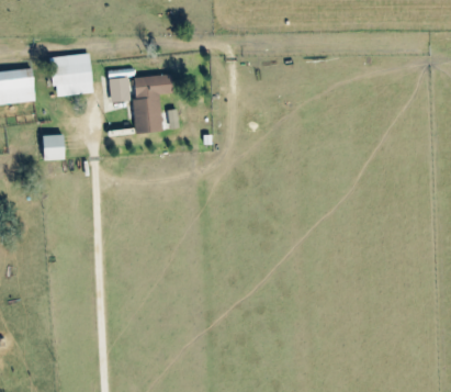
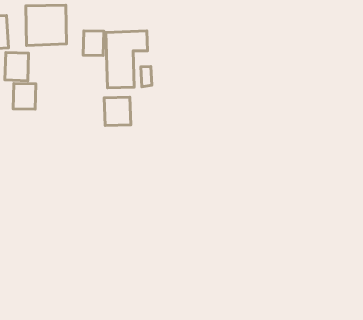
building: none -> [5,52,29,81]
building: none -> [104,97,131,125]

